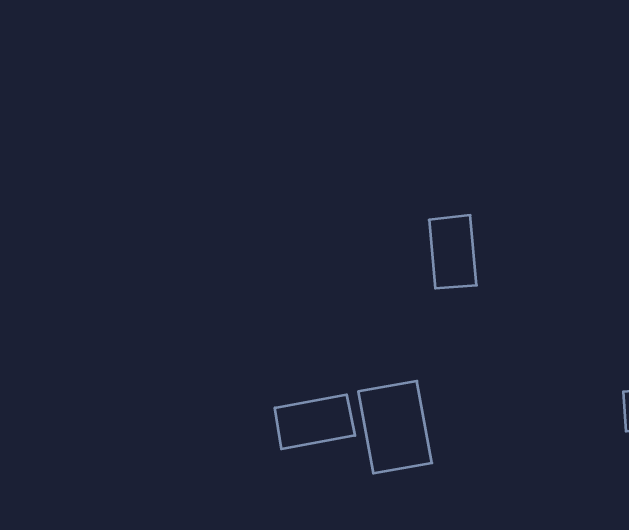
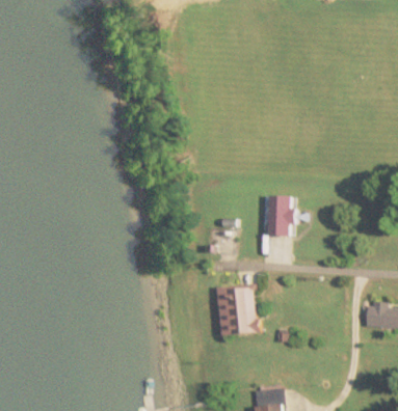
building: [275,395,355,449] -> none

